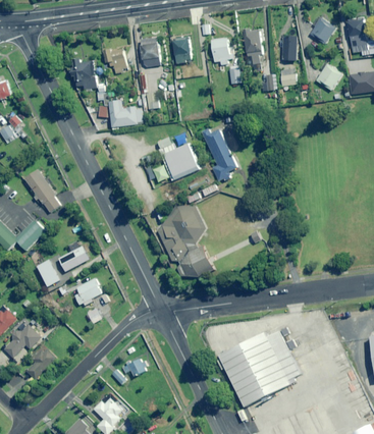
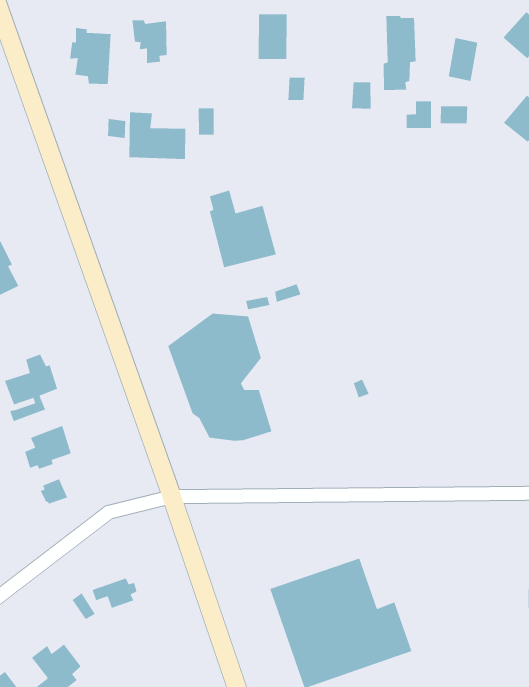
building: [141,37,161,66] -> none
building: [212,38,233,64] -> none
building: [202,124,238,181] -> none

